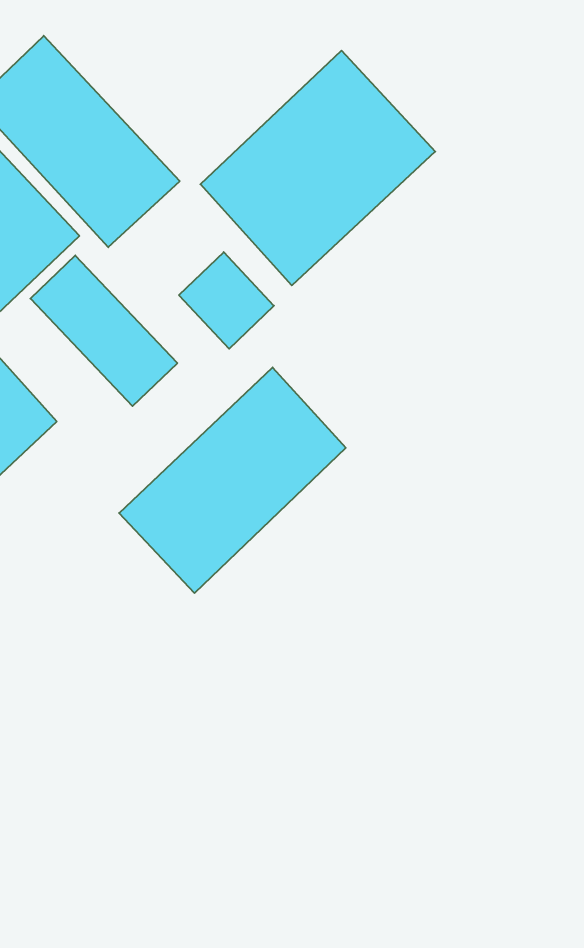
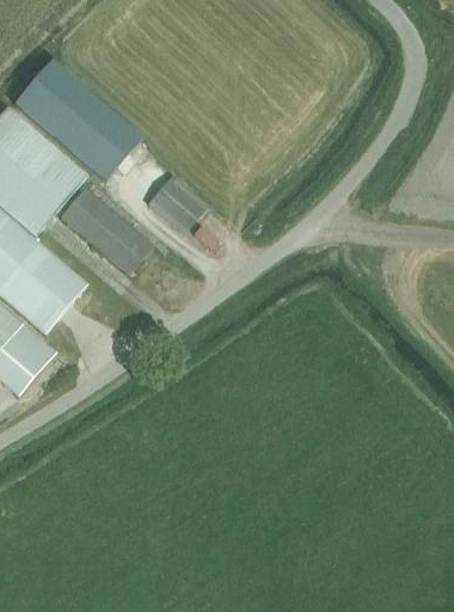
building: [200,51,435,285] -> none
building: [119,367,346,593] -> none

